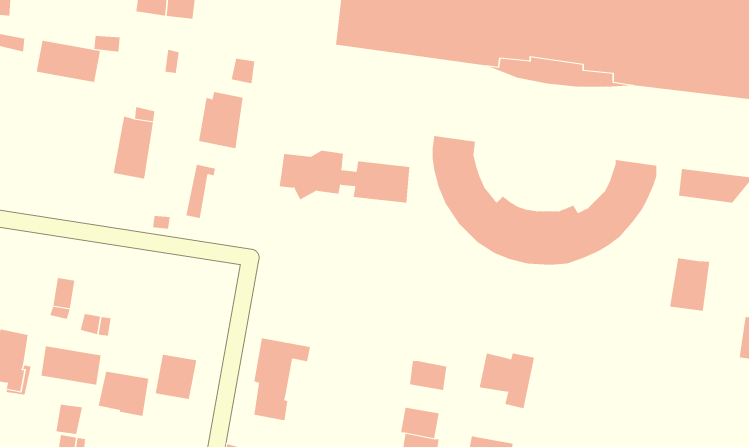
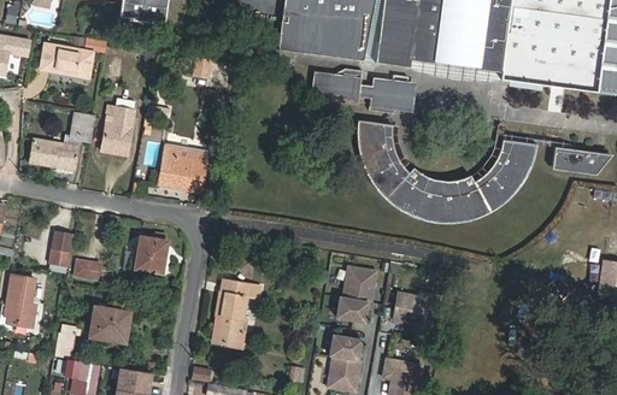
building: [198,91,244,149] -> [171,145,207,190]
building: none -> [30,111,96,169]
building: [279,150,410,203] -> [310,67,415,110]
building: [670,257,710,312] -> none
building: none -> [343,266,377,302]
building: [41,346,101,385] -> none
building: [155,354,197,400] -> [133,235,166,271]

